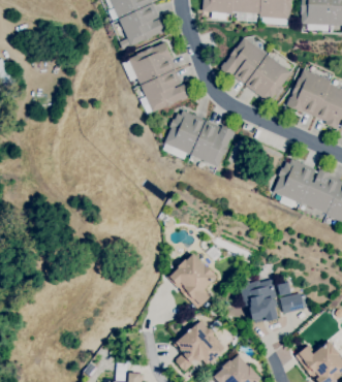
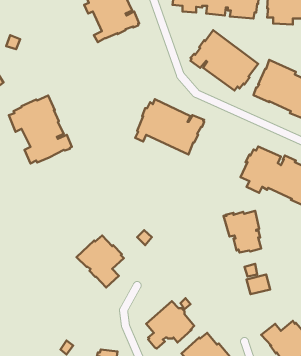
building: [123,42,189,114] -> [9,95,72,163]
building: [166,254,216,309] -> [77,235,124,288]
building: [239,279,278,322] -> [224,211,261,252]

